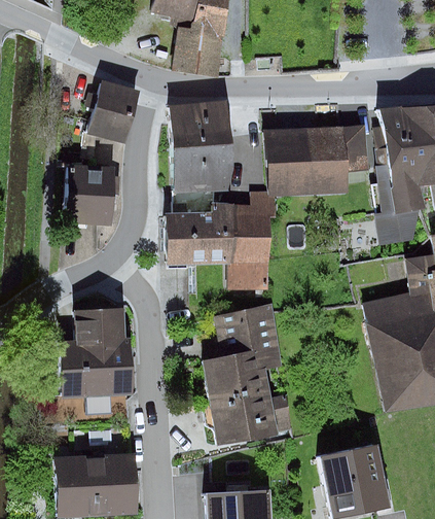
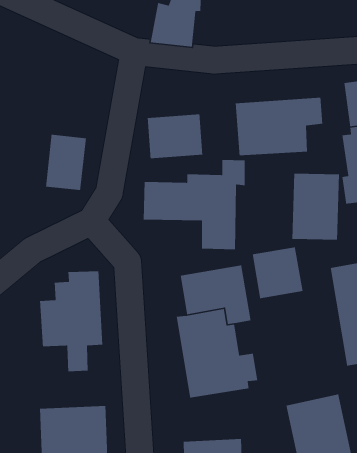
building: [87,89,130,141] -> none
building: [168,101,228,148] -> none
building: none -> [292,173,340,241]
building: none -> [252,246,303,299]

